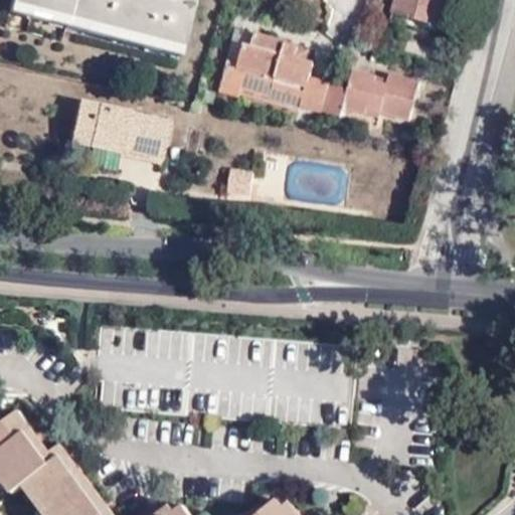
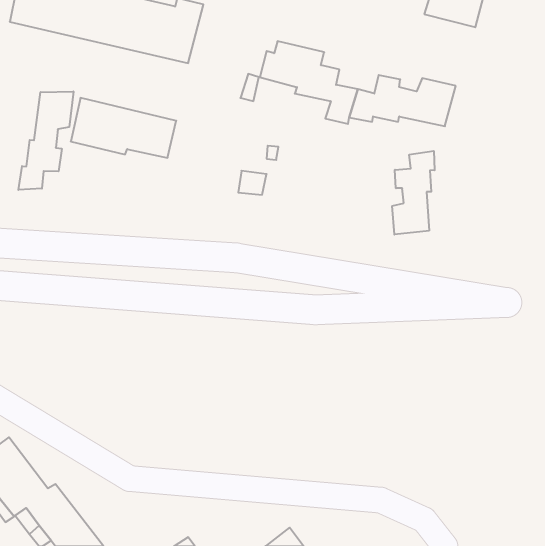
building: none -> [18,91,73,190]
building: none -> [392,151,435,235]

